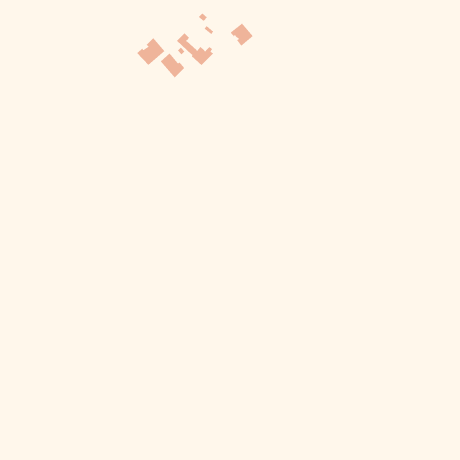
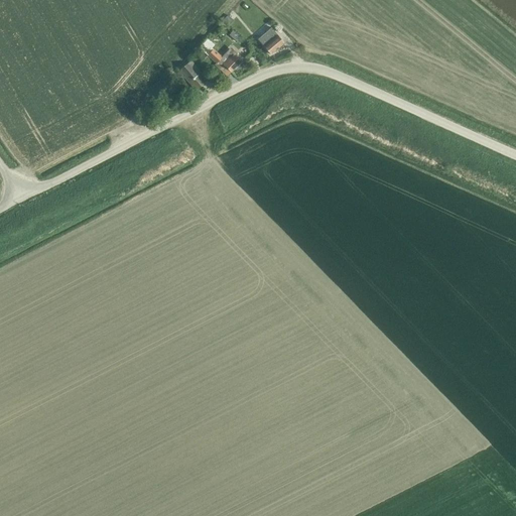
building: [136,37,166,66] -> none

